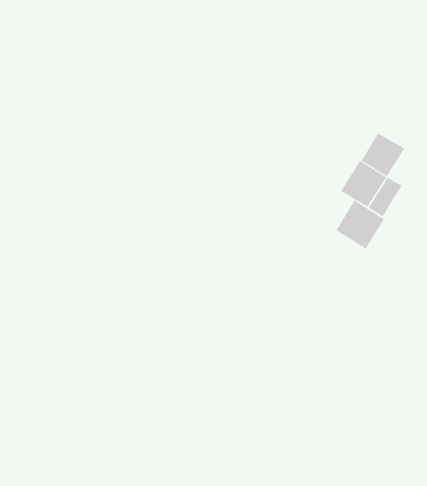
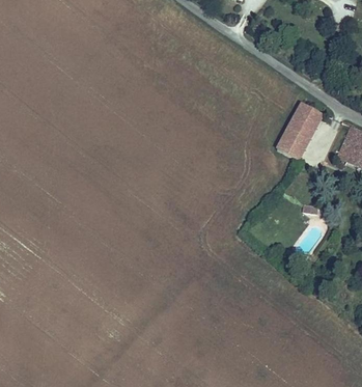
building: [336,199,385,249] -> none

